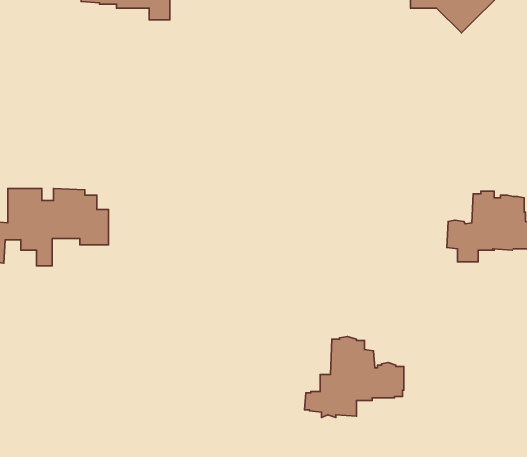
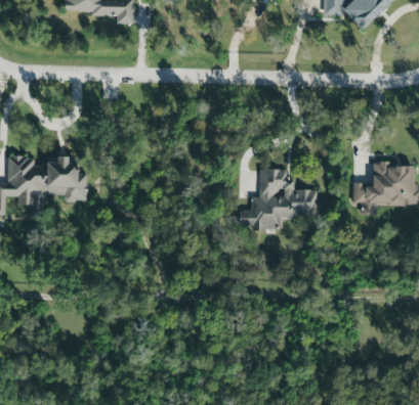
building: [304,336,404,418] -> [239,166,317,229]

